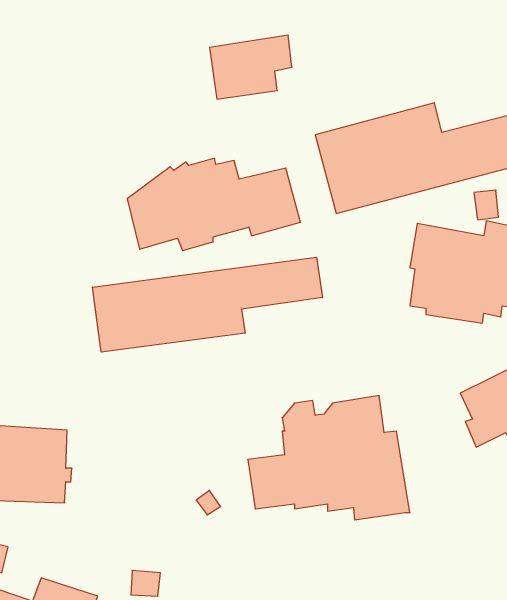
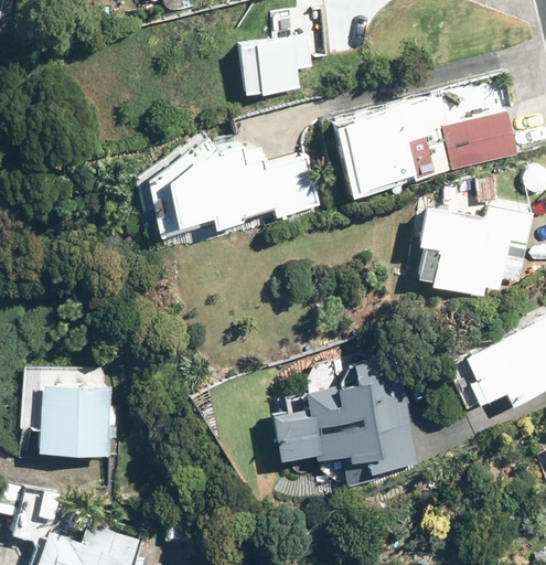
building: [93,257,323,352] -> none

